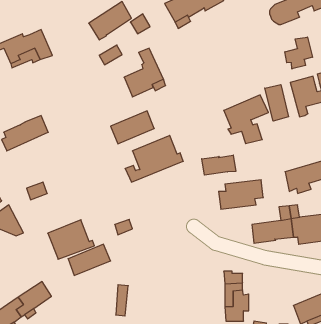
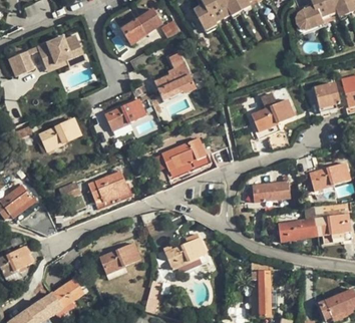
building: [285,37,313,69] -> none
building: [265,85,289,121] -> none
building: [111,111,154,144] -> [104,97,146,129]
building: [202,155,236,175] -> none
building: [48,220,94,259] -> [88,170,133,208]
building: none -> [163,237,210,274]

